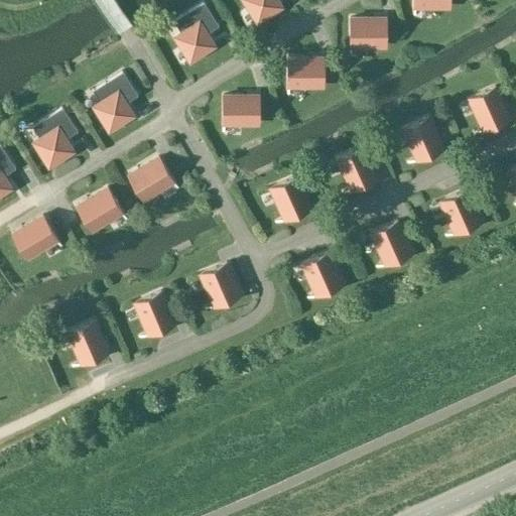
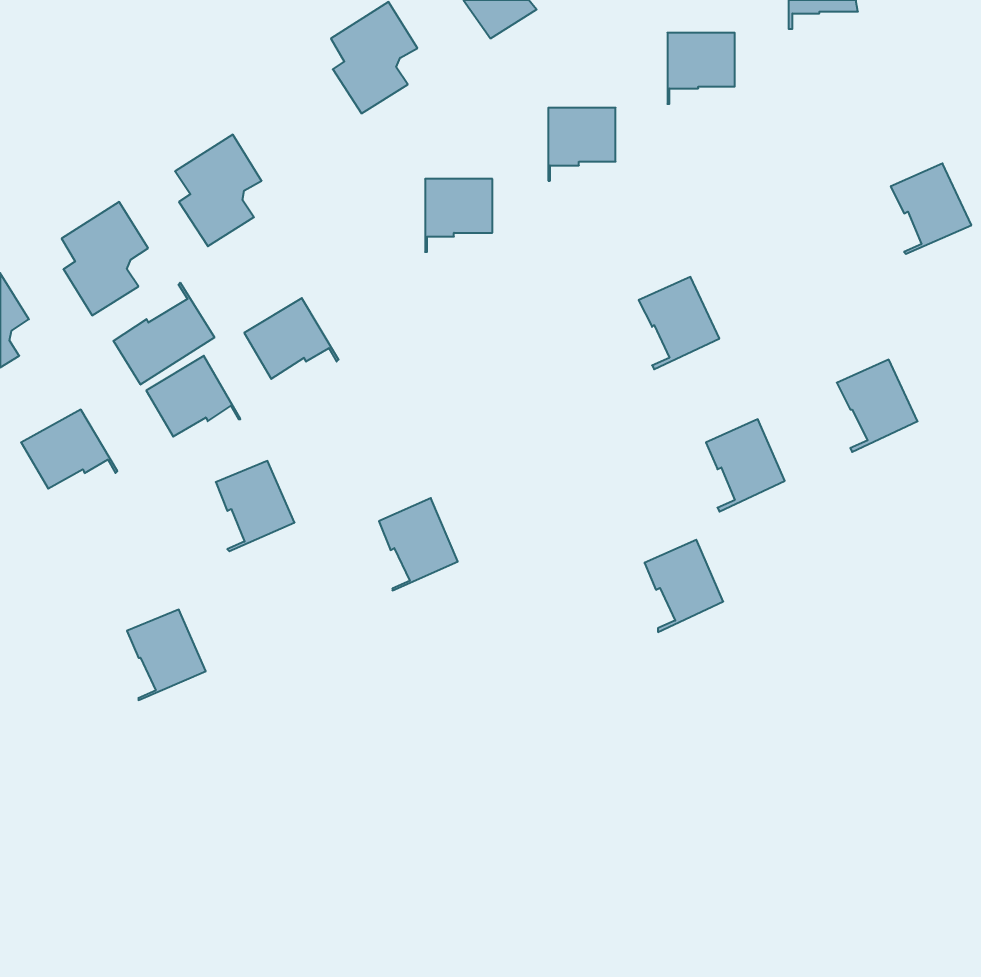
building: [402,118,443,166] -> none
building: none -> [113,283,214,385]
building: [270,177,311,226] -> none
building: [301,254,343,302] -> [644,540,723,632]
building: [134,293,175,341] -> [216,461,295,551]

